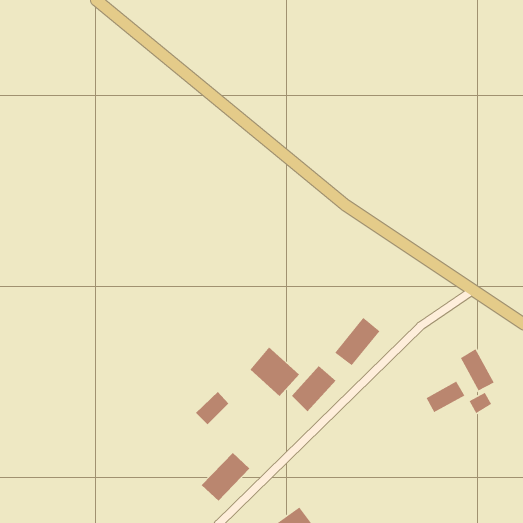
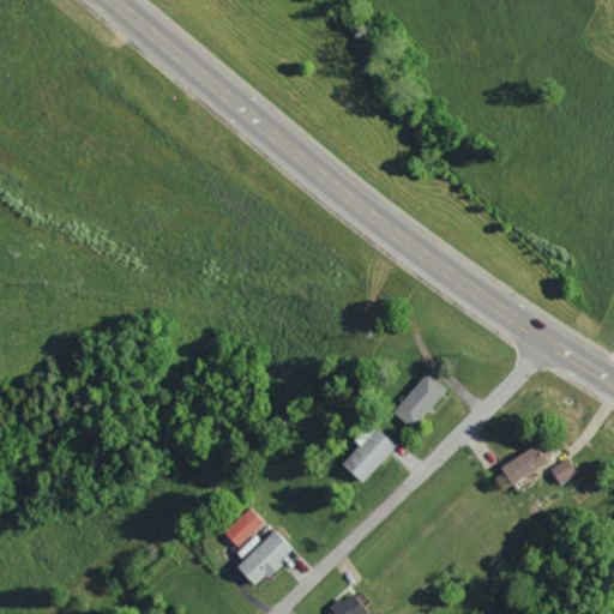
building: [250,347,300,397] -> none
building: [460,348,495,392] -> none
building: [195,391,229,425] -> [224,508,264,548]

